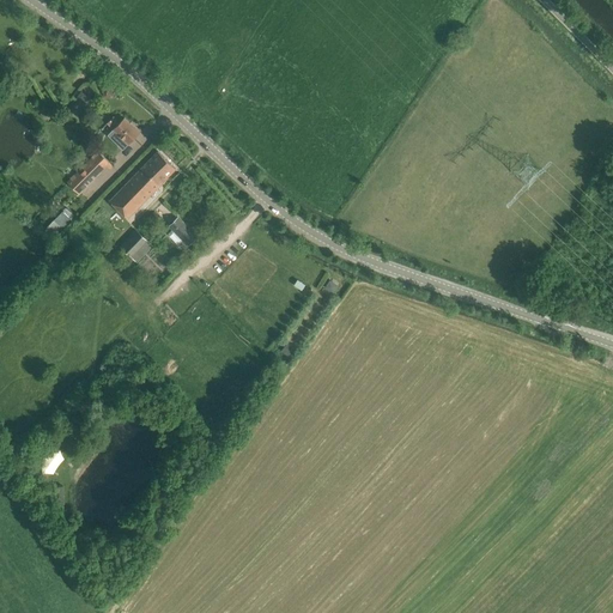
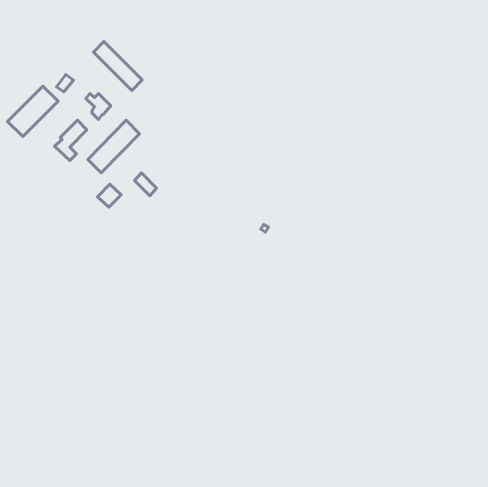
building: none -> [93,41,142,90]
building: none -> [7,86,58,136]

